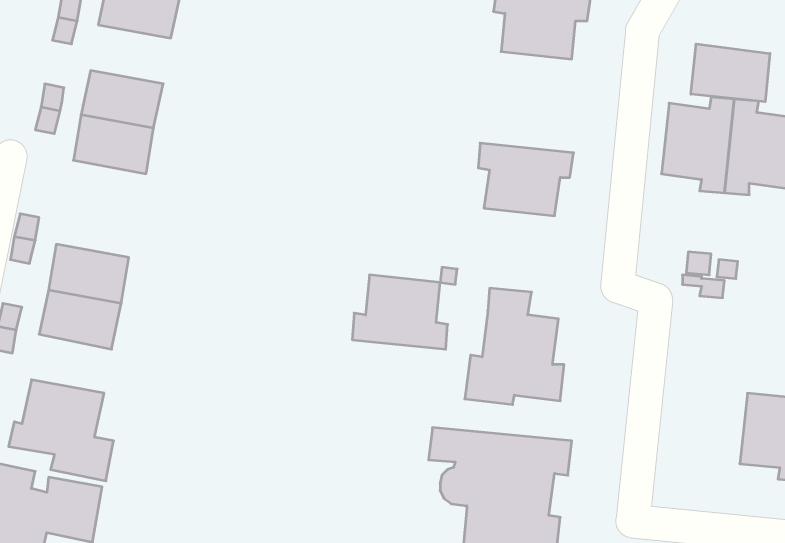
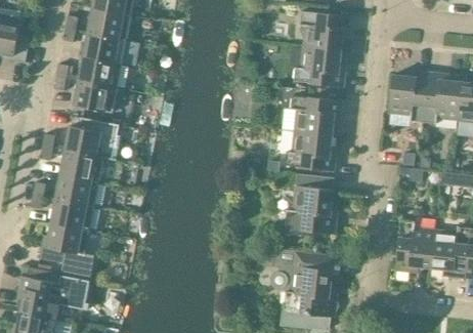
building: none -> [83,33,126,65]
building: [691,44,770,102] -> none
building: none -> [293,47,345,87]
building: none -> [64,118,121,161]
building: [352,275,448,349] -> [285,131,336,171]
building: none -> [51,199,94,231]
building: none -> [395,220,435,272]

